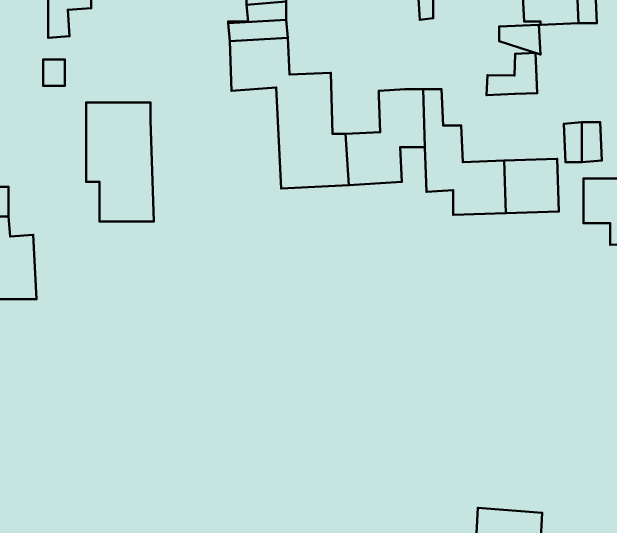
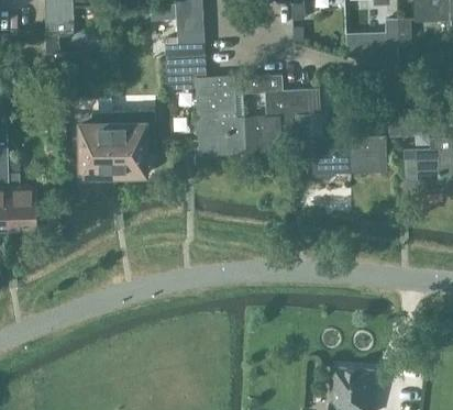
building: [487,53,537,95] -> none
building: none -> [241,75,283,95]
building: none -> [113,110,155,177]

